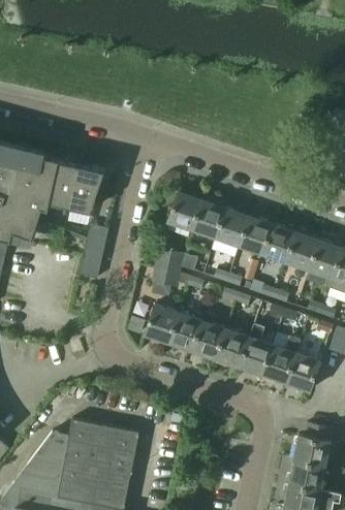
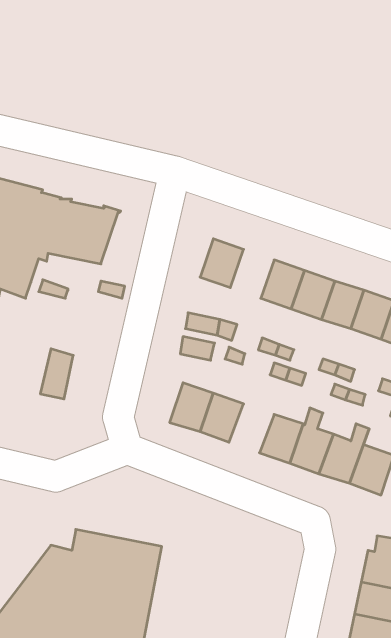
building: [192,200,226,238] -> none
building: [80,240,105,279] -> [40,349,73,399]
building: [191,313,226,359] -> none

